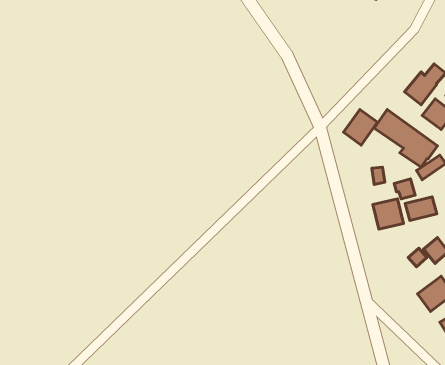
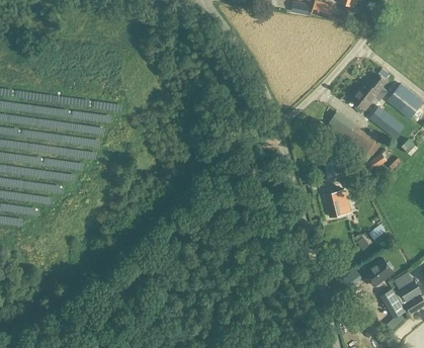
building: [343,109,377,145] -> none
building: [405,197,437,220] -> none

